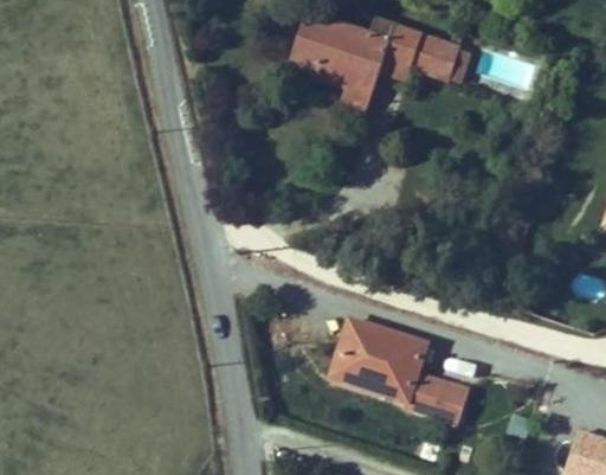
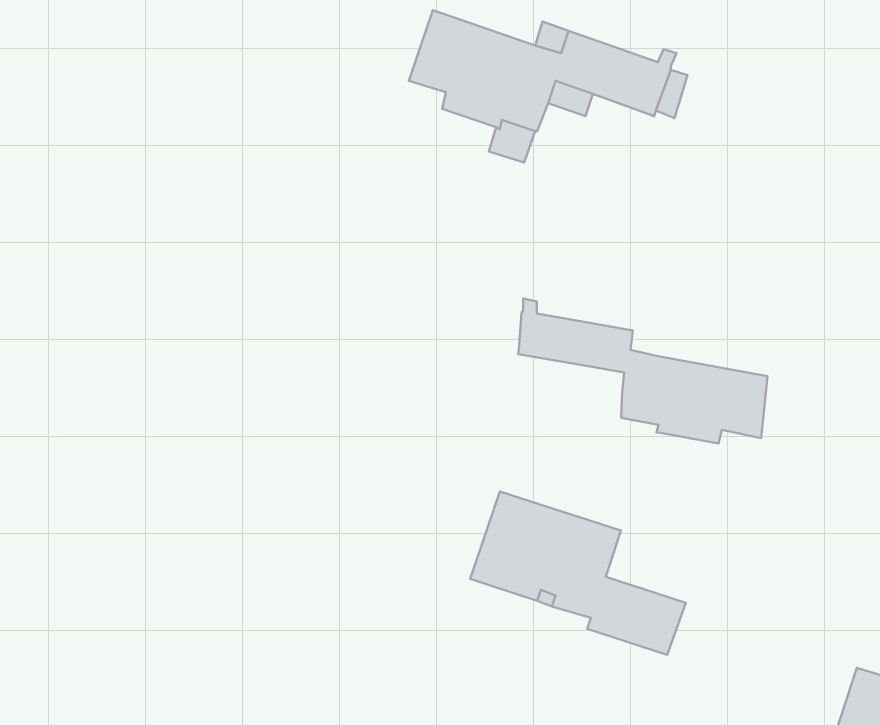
building: none -> [518,298,767,443]

